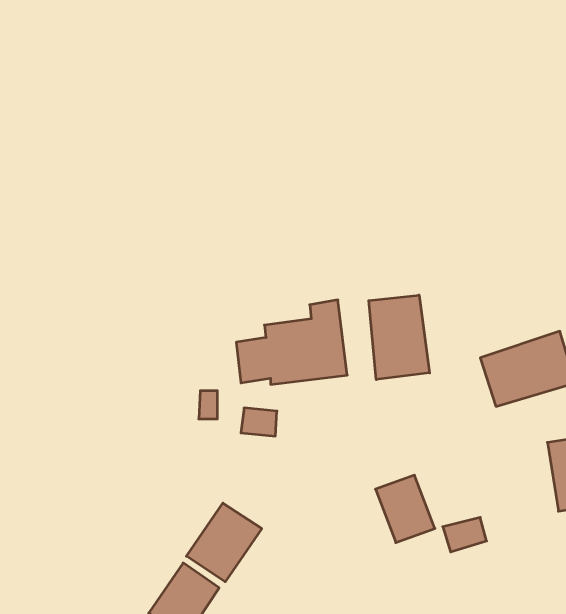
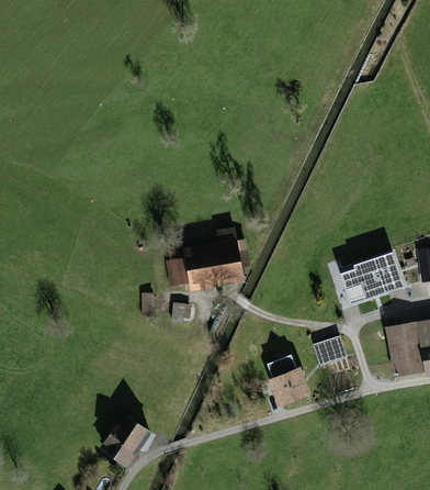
building: [369,295,430,380] -> none
building: [186,503,262,582] -> none
building: [443,517,487,552] -> [313,335,343,359]

